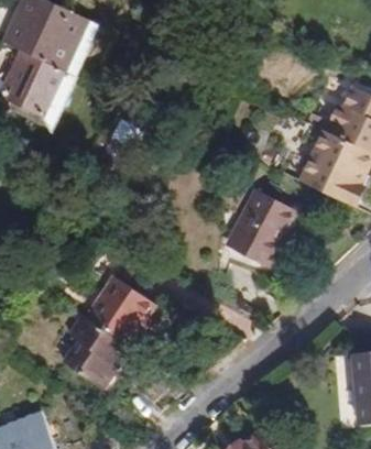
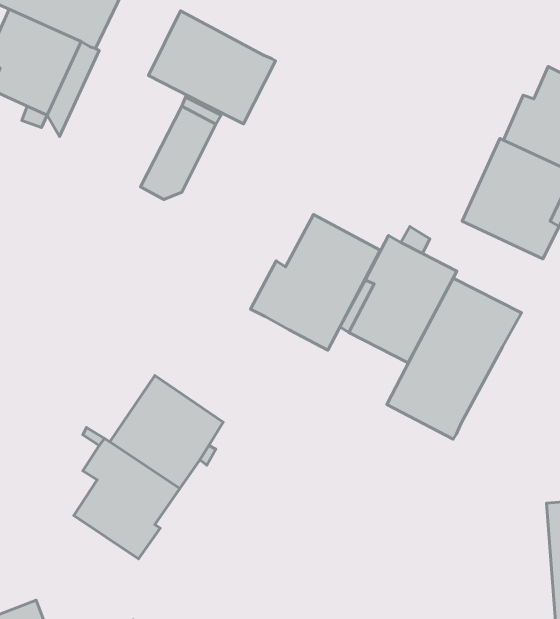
building: none -> [149,11,275,124]
building: none -> [250,214,380,350]
building: none -> [387,278,521,439]

